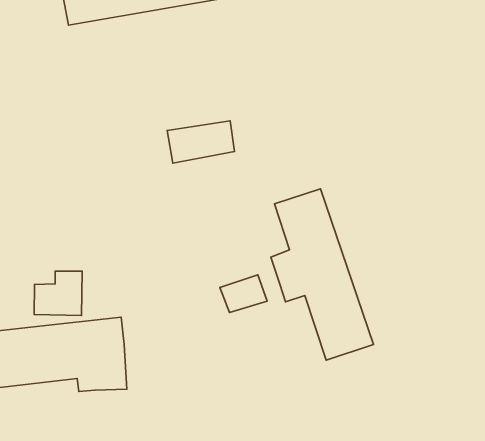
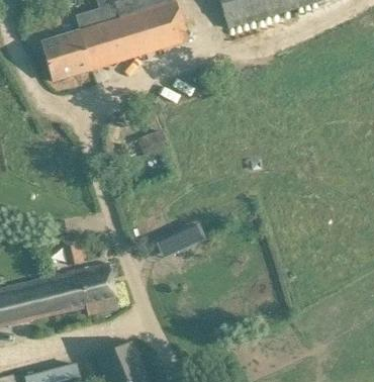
building: [271,189,373,360] -> none

